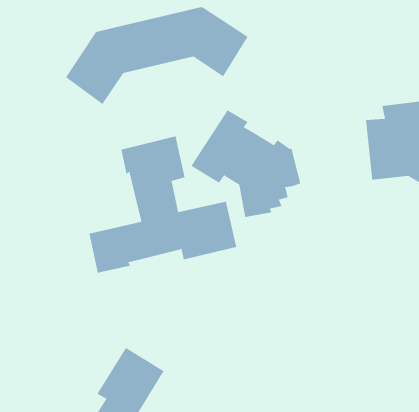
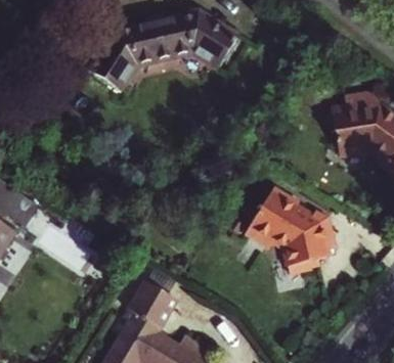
building: [191,109,301,218] -> [242,193,332,281]
building: [89,136,237,274] -> none

